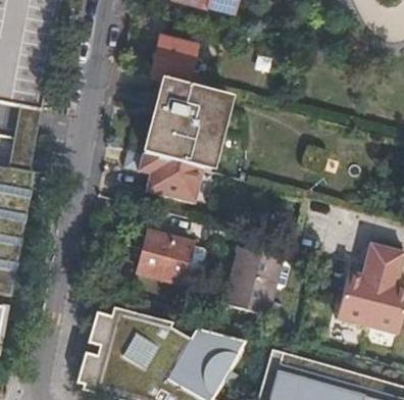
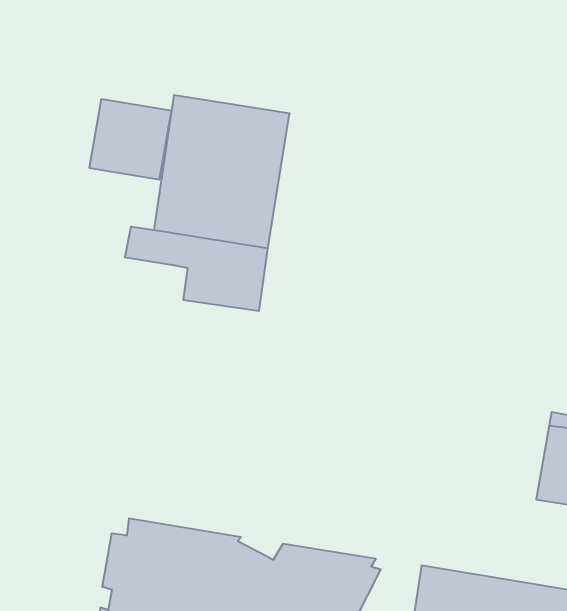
building: [150,35,198,82] -> [89,99,171,179]
building: [137,229,205,286] -> none
building: [223,245,288,313] -> none

